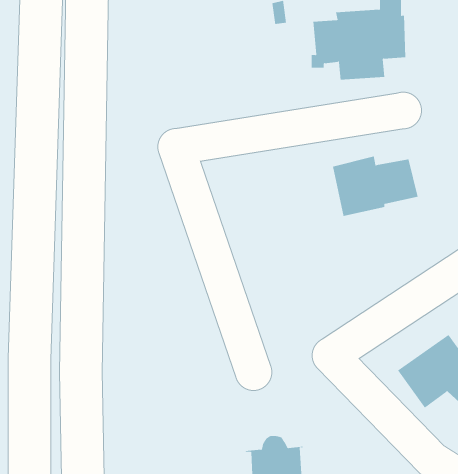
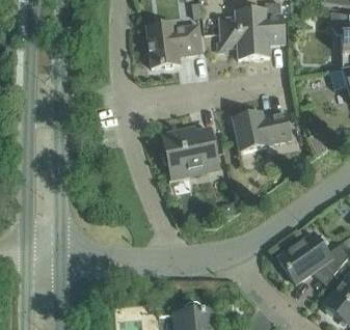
building: none -> [147,23,203,67]
building: none -> [163,129,219,177]

